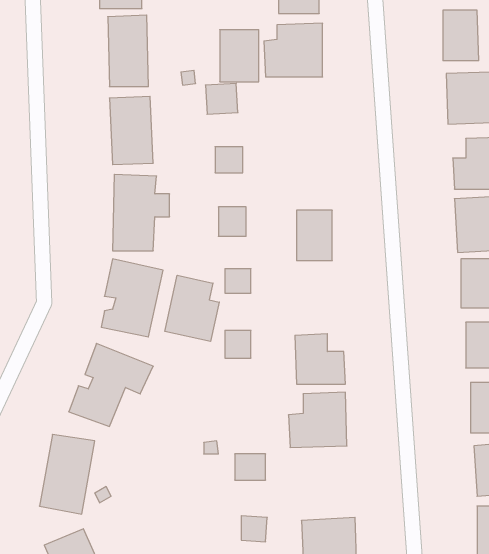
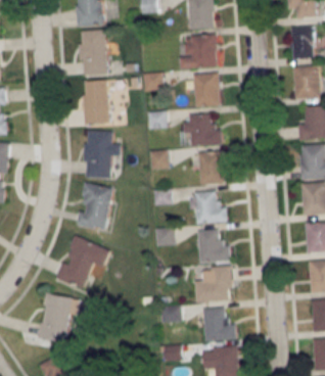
building: [220,30,259,82] -> [194,74,219,106]
building: none -> [181,115,221,146]
building: none -> [190,191,226,224]
building: [165,275,219,341] -> none
building: none -> [202,309,235,339]

